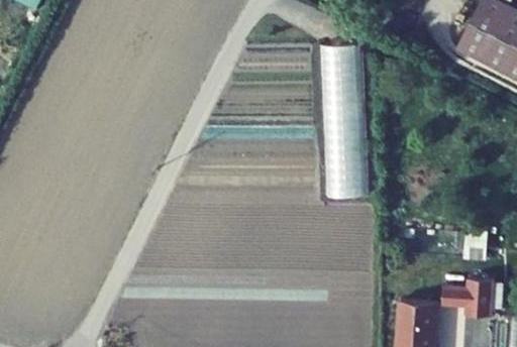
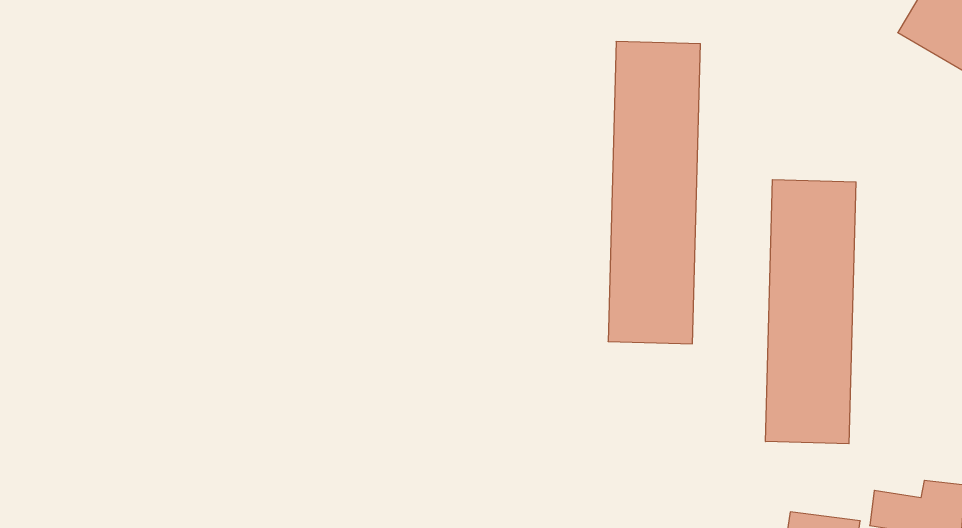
building: none -> [766,180,856,444]

